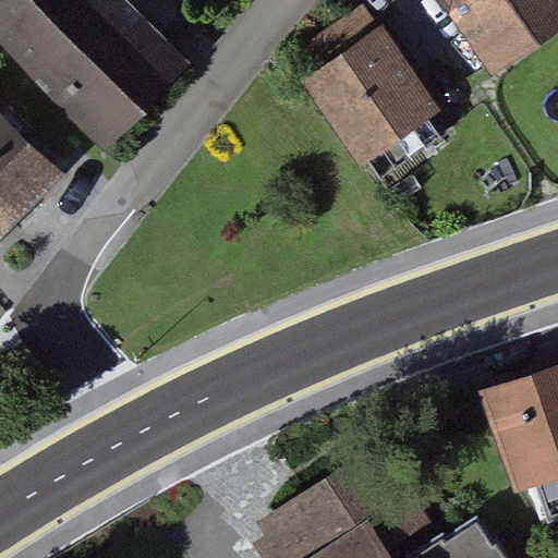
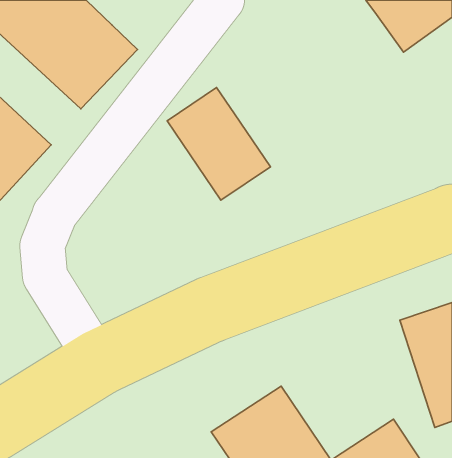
building: [306,33,432,169] -> [167,88,270,200]

